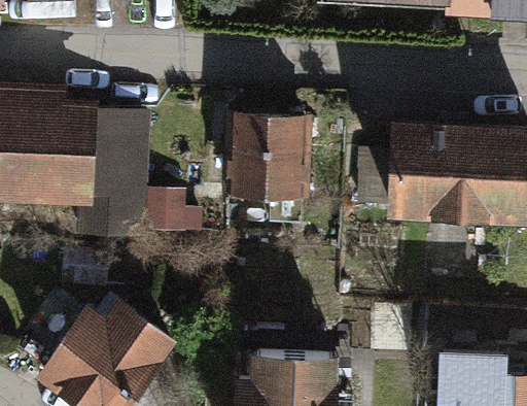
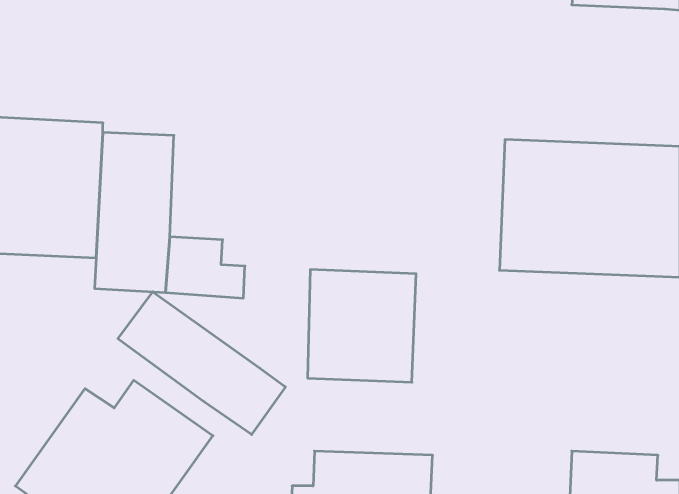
building: [225,113,306,197] -> [308,270,416,382]
building: none -> [118,292,285,435]

